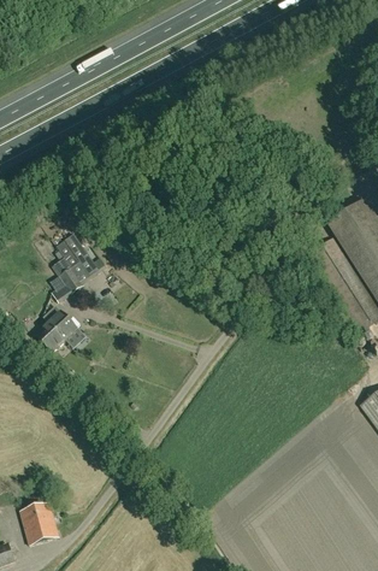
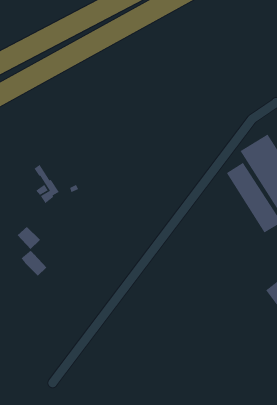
building: [43,304,78,339] -> [21,250,47,277]
building: [20,501,59,543] -> none

